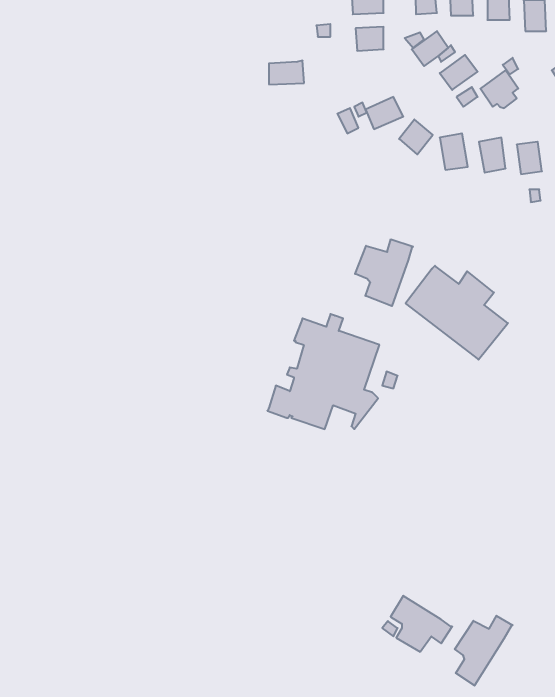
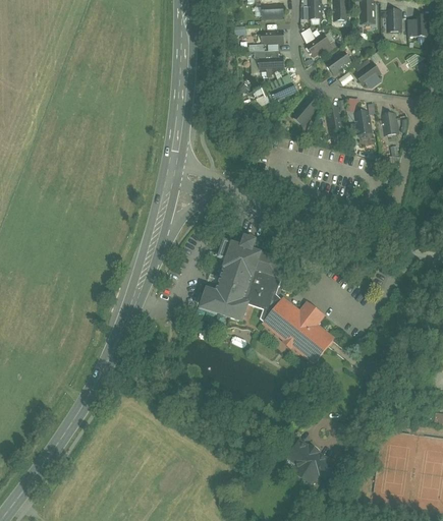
building: [269,61,304,84] -> [259,55,284,72]
building: [355,239,413,306] -> none
building: [406,266,508,360] -> [261,296,335,364]
building: [455,616,513,686] -> none

